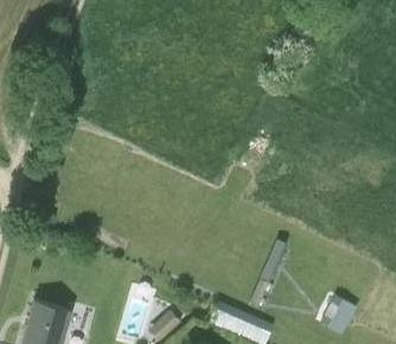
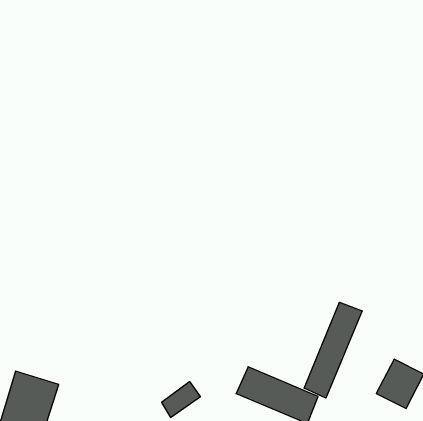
building: none -> [304,302,362,398]

